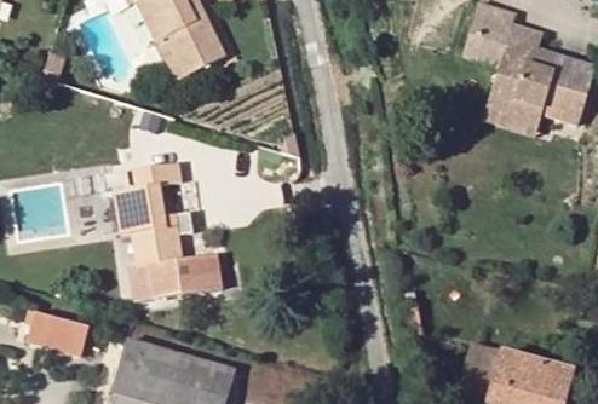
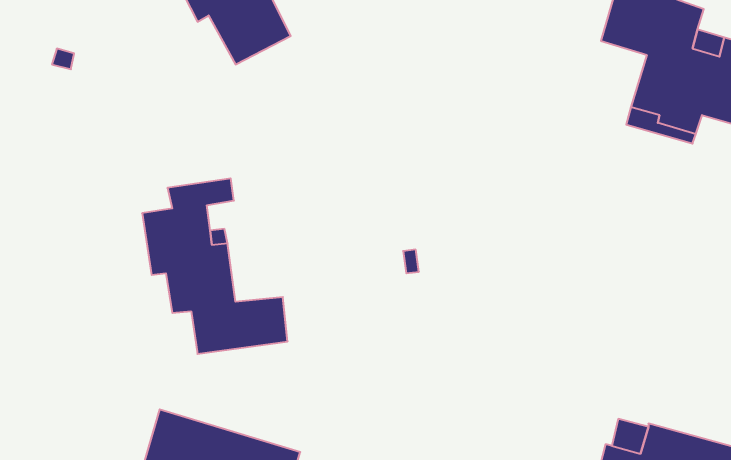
building: [28,311,86,354] -> none

